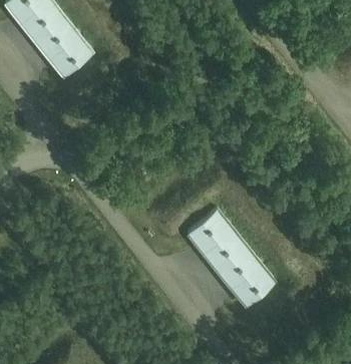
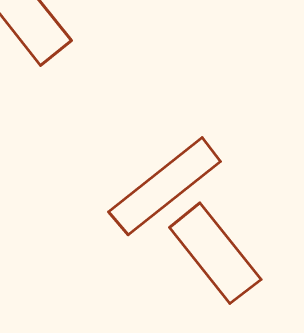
building: none -> [109,137,220,235]

